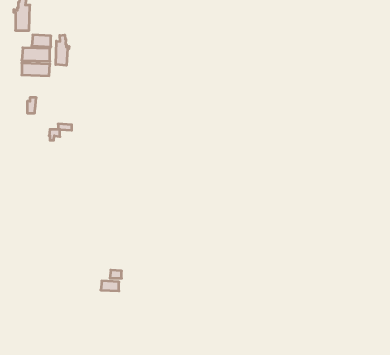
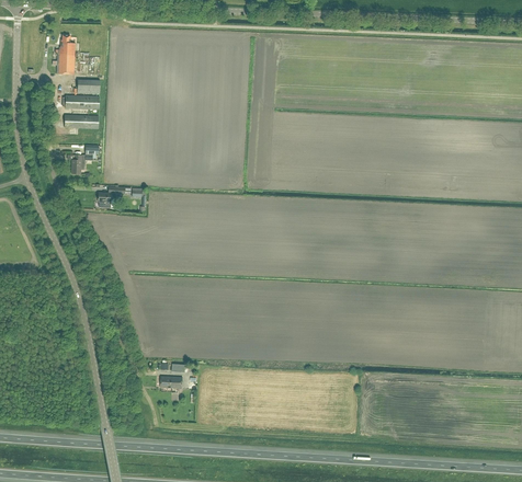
building: [56,35,69,65] -> none

